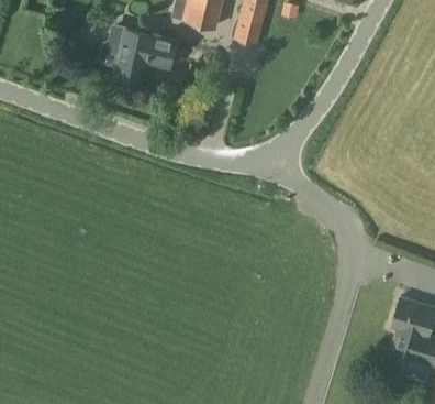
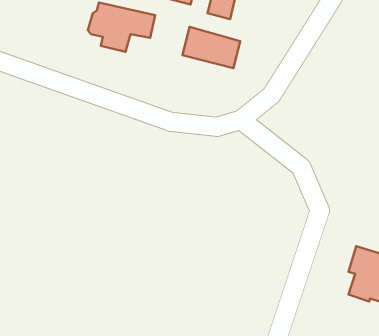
building: none -> [183,27,240,68]

